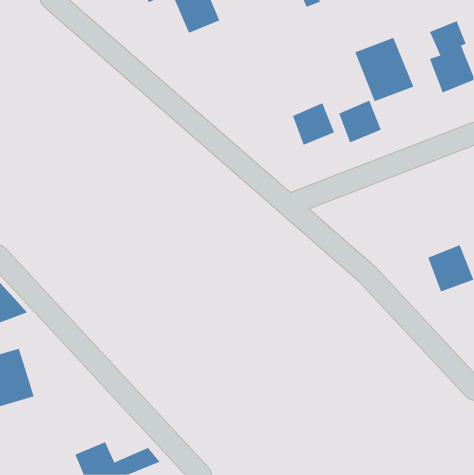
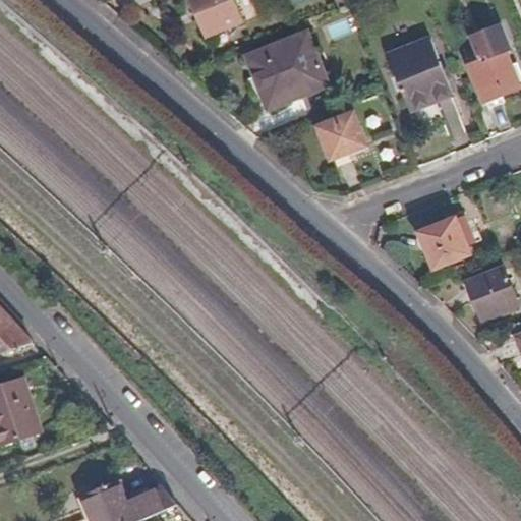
building: none -> [244,31,327,109]
building: [338,100,382,143] -> none
building: none -> [419,218,468,268]

